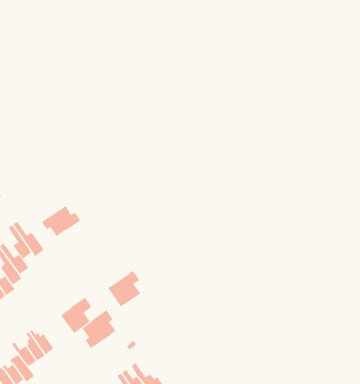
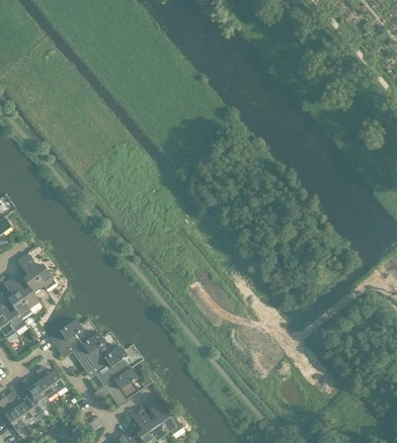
building: [42,205,81,237] -> none
building: [107,270,141,307] -> [102,367,138,406]
building: none -> [49,319,82,357]

